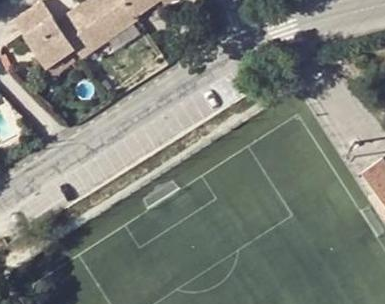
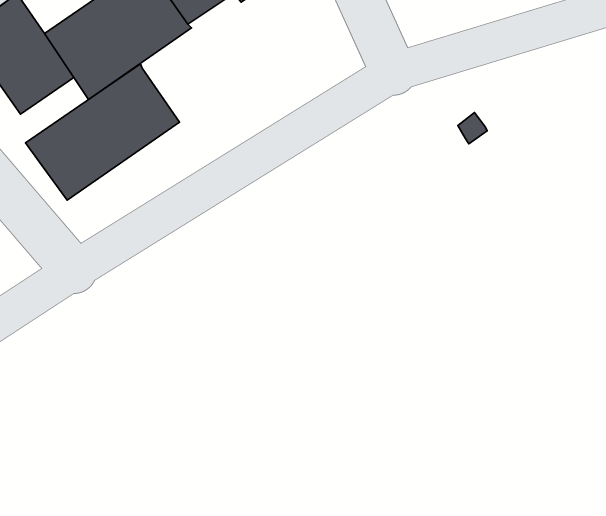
building: none -> [26,64,180,200]

